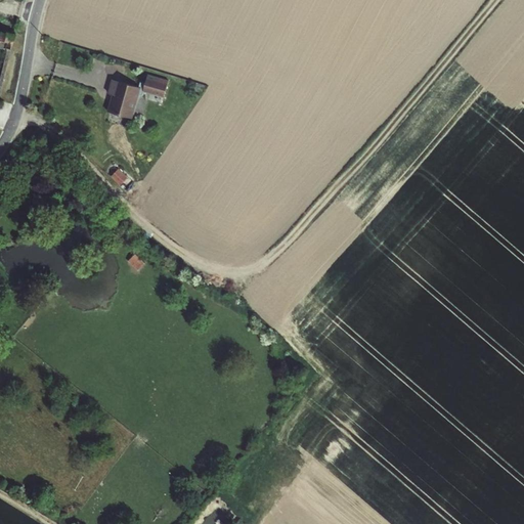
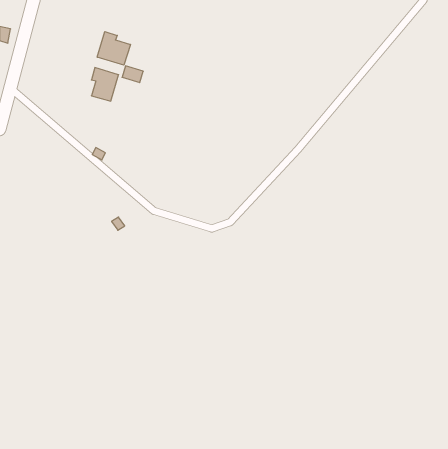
building: none -> [97,32,130,65]

